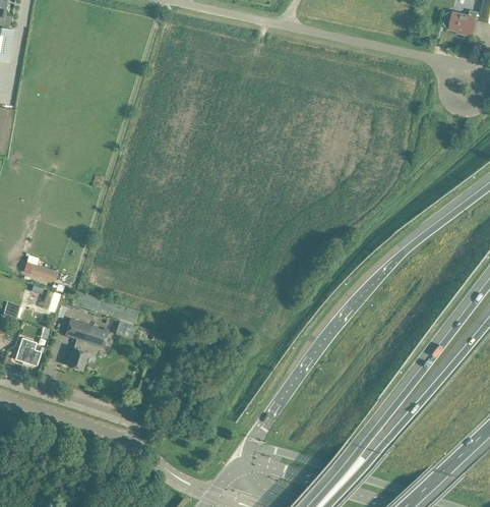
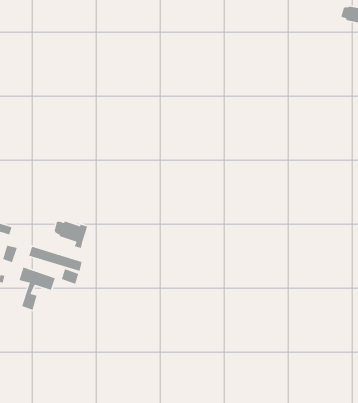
building: none -> [54,221,88,249]

